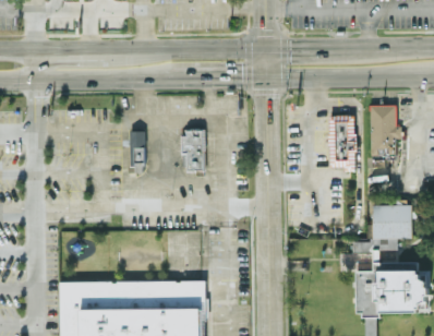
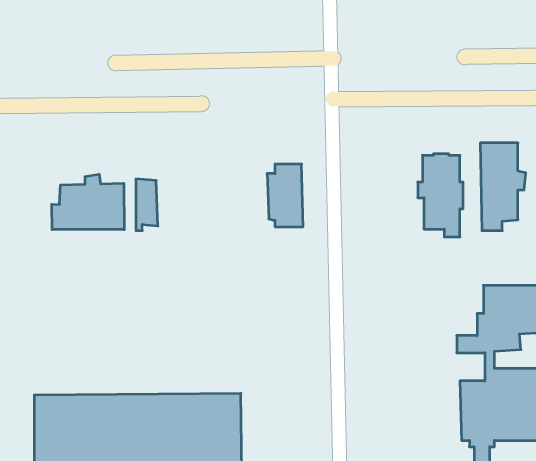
building: none -> [52,174,124,230]
building: [181,129,206,172] -> [267,164,303,227]

